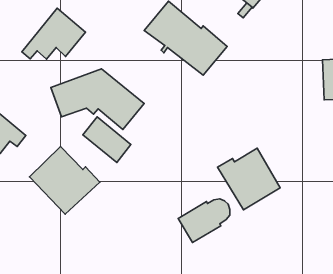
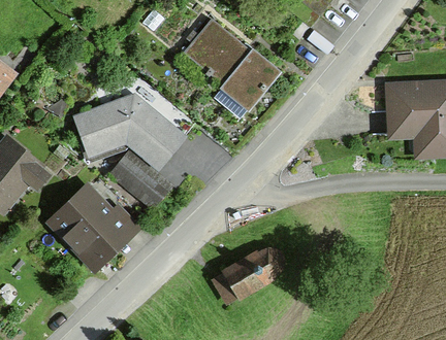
building: [22,8,85,59] -> none
building: [218,148,280,210] -> none

